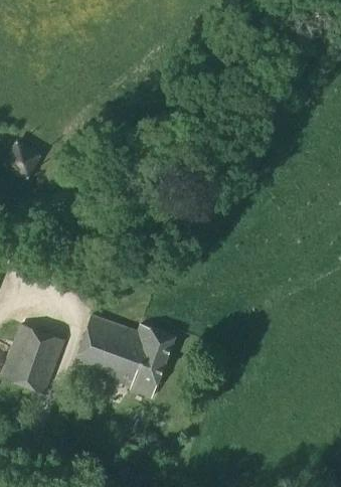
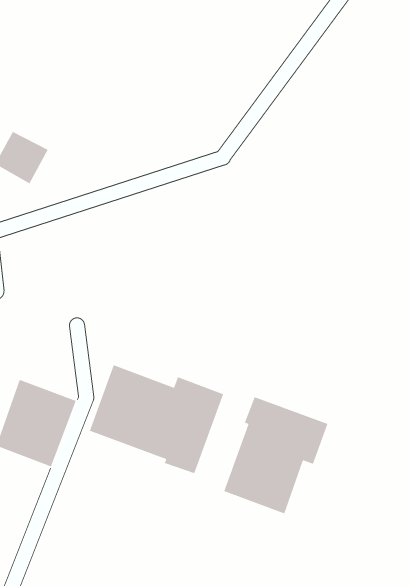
building: none -> [223,396,328,514]

